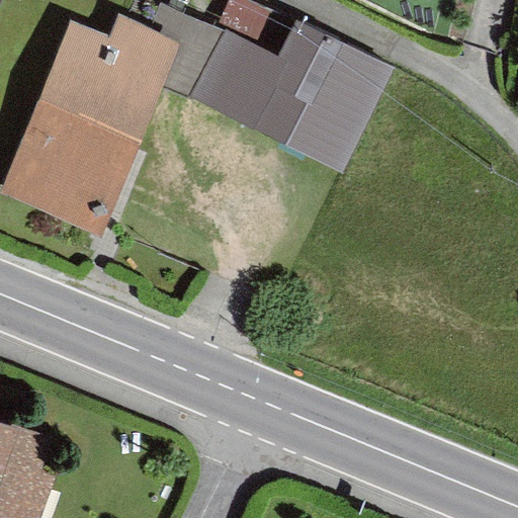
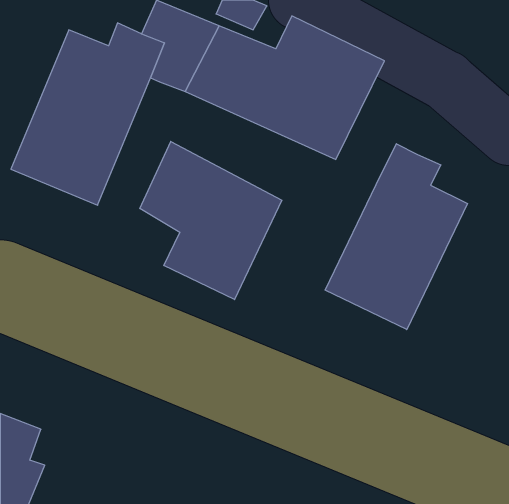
building: none -> [140,141,282,300]
building: none -> [325,144,468,330]

